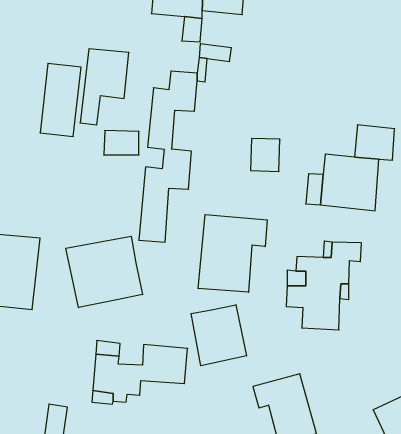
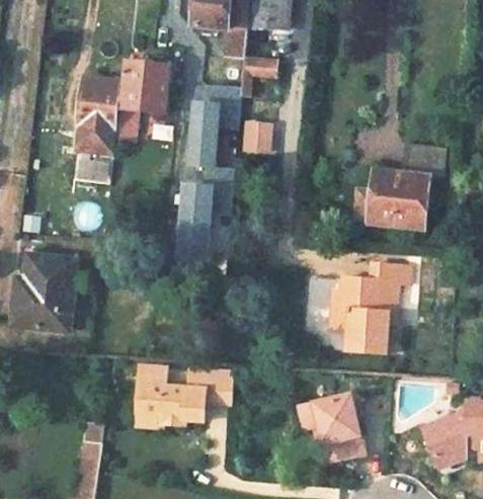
building: [104,131,139,155] -> [75,157,111,182]
building: [251,138,280,172] -> [243,119,273,154]
building: [198,215,267,292] -> none
building: [66,236,143,308] -> none
building: [191,305,246,366] -> none

